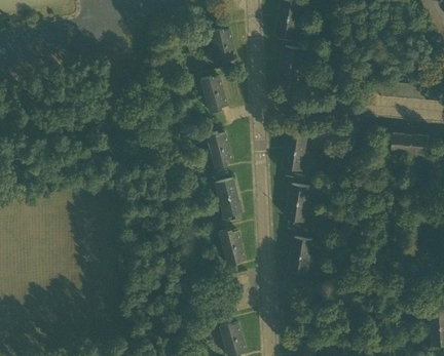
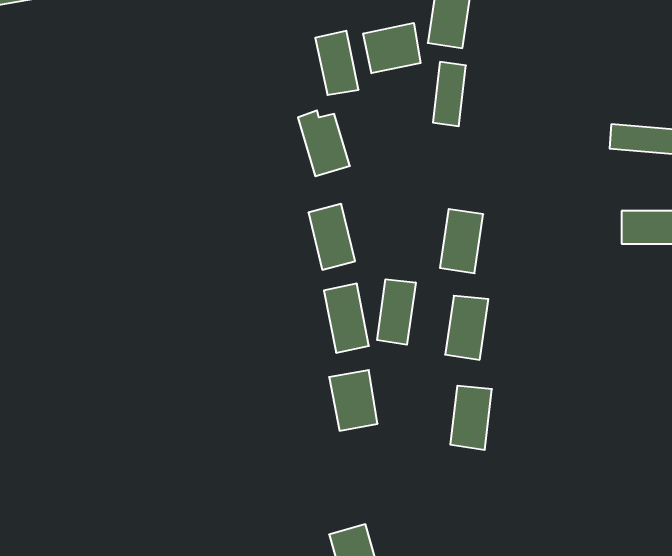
building: none -> [363,23,421,73]
building: none -> [377,279,416,345]

